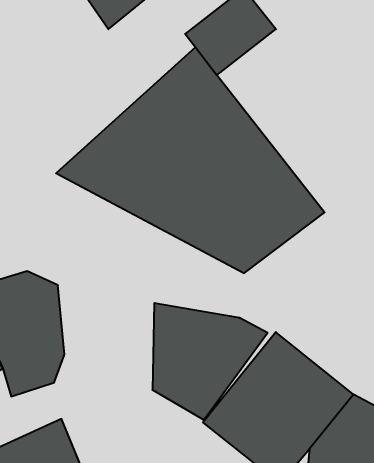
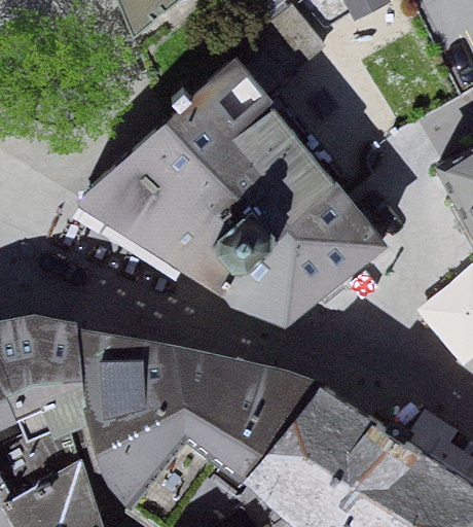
building: none -> [80,328,186,513]

